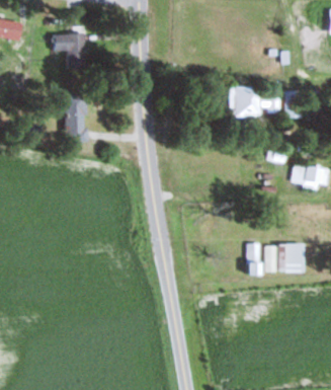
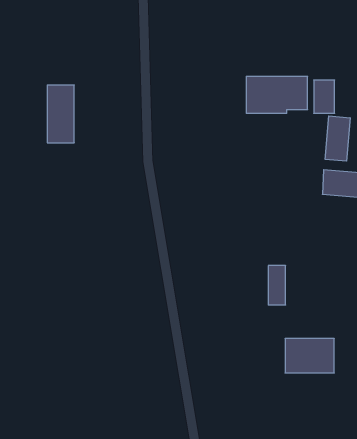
building: [52,34,86,70] -> none
building: none -> [325,116,350,161]
building: [263,244,304,272] -> [285,339,334,373]

